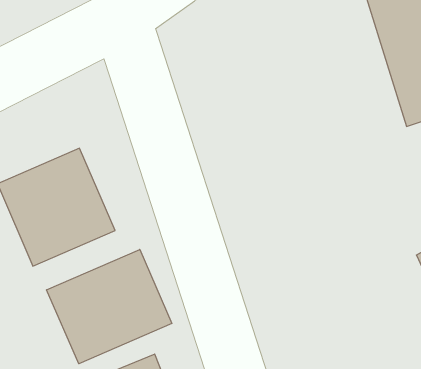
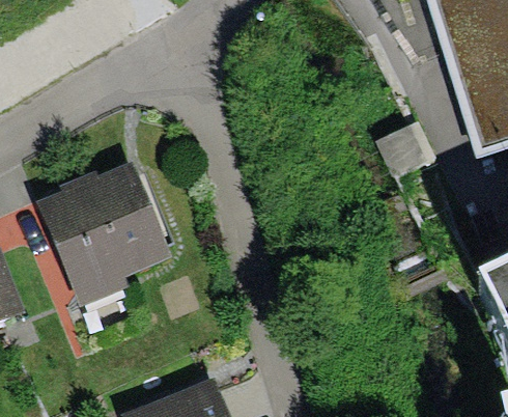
building: [47,249,172,364] -> none

